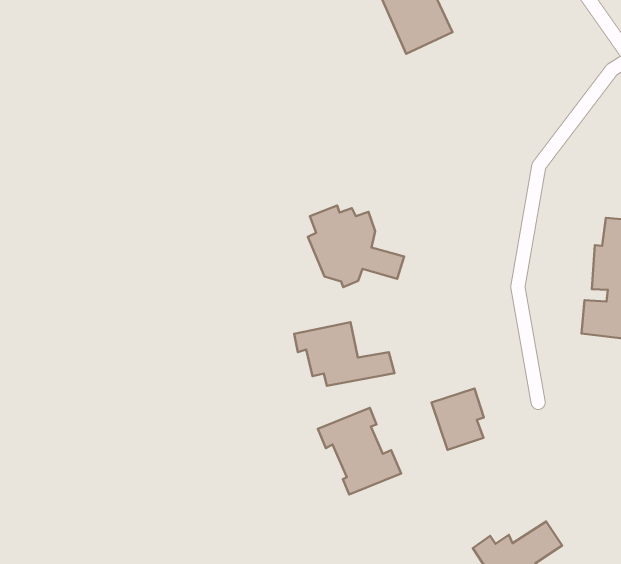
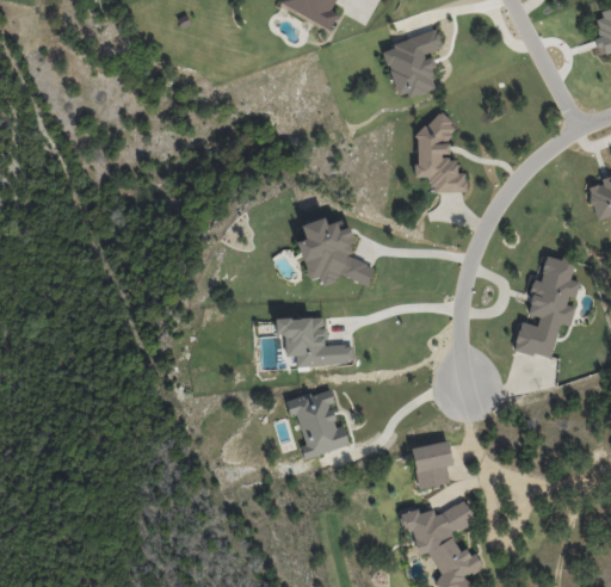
building: none -> [416,122,468,192]
building: [431,389,484,450] -> [412,440,453,488]

